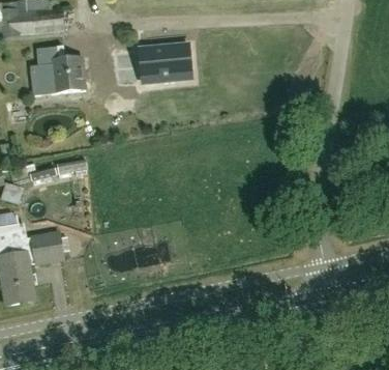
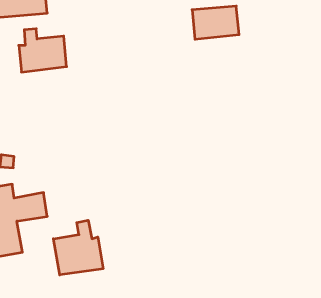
building: [139,45,191,82] -> [192,6,239,39]
building: none -> [53,220,103,275]

